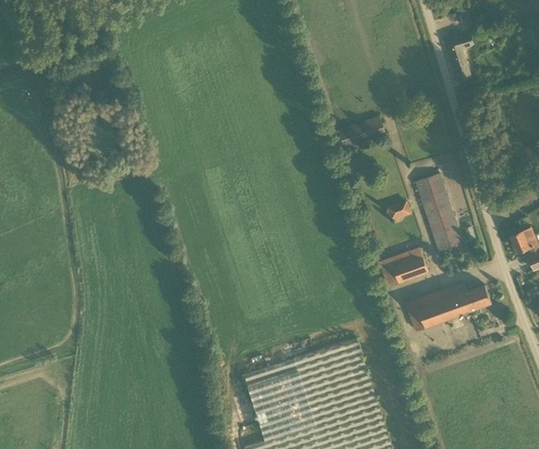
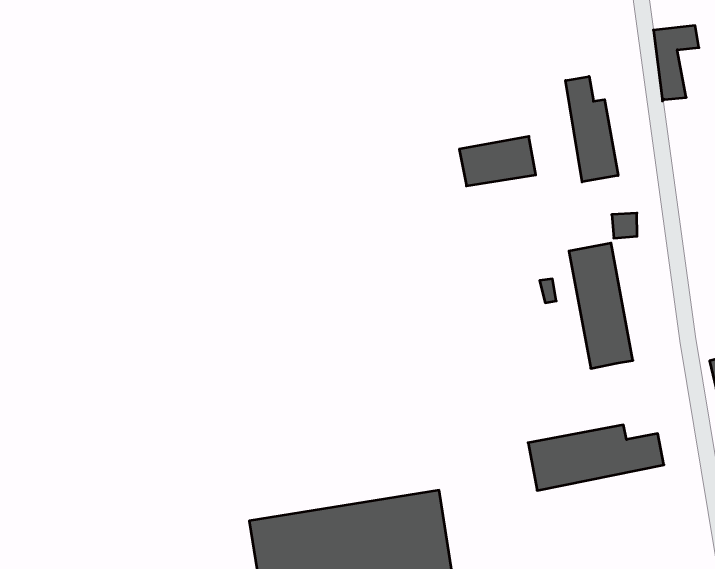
building: none -> [566,76,618,182]
building: [380,249,429,287] -> none

